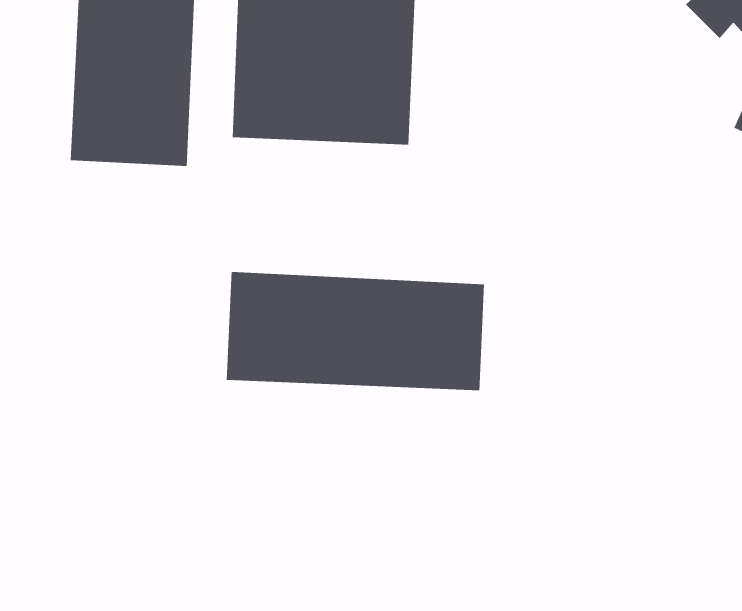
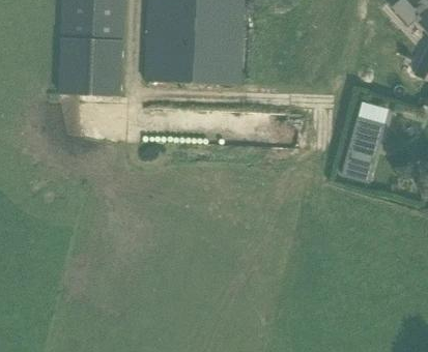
building: none -> [340,116,386,182]
building: [226,271,484,391] -> none

